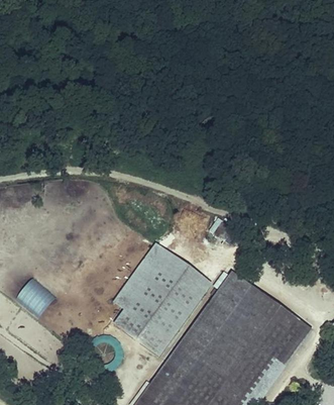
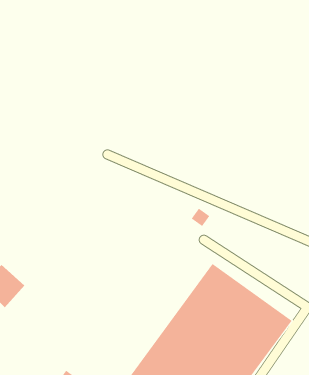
building: [113,242,210,355] -> none

